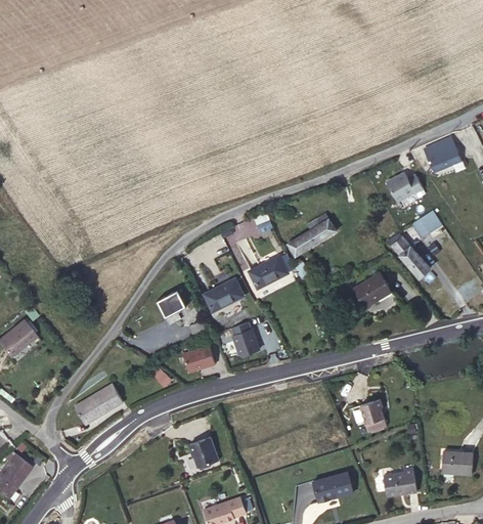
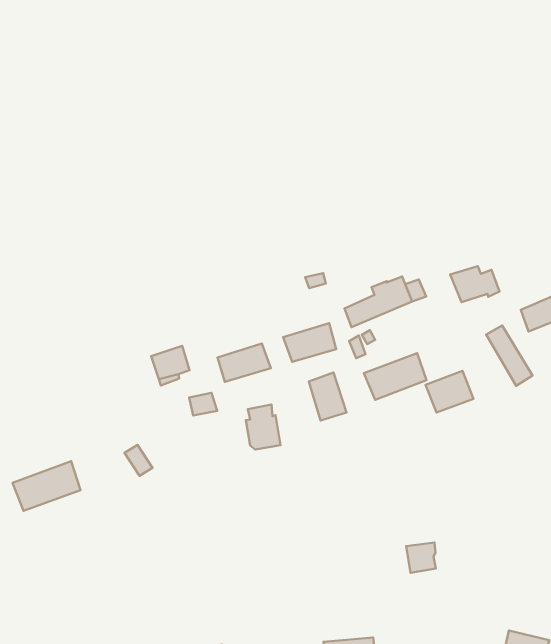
building: [385,173,422,201] -> [450,266,499,302]
building: none -> [364,353,427,400]
building: none -> [309,373,346,420]
building: [180,343,214,368] -> none
building: [189,437,219,467] -> none

